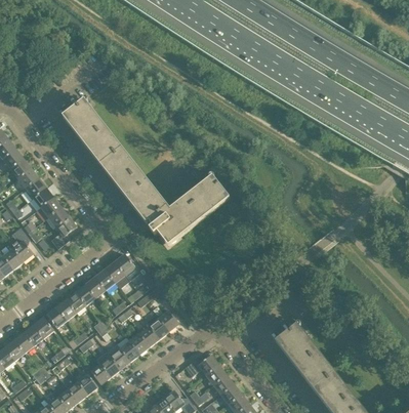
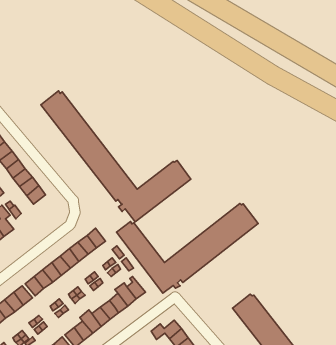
building: [51,216,77,249] -> none
building: none -> [116,203,258,293]

